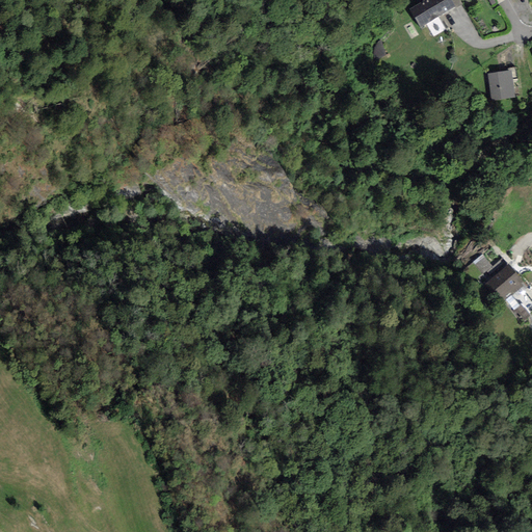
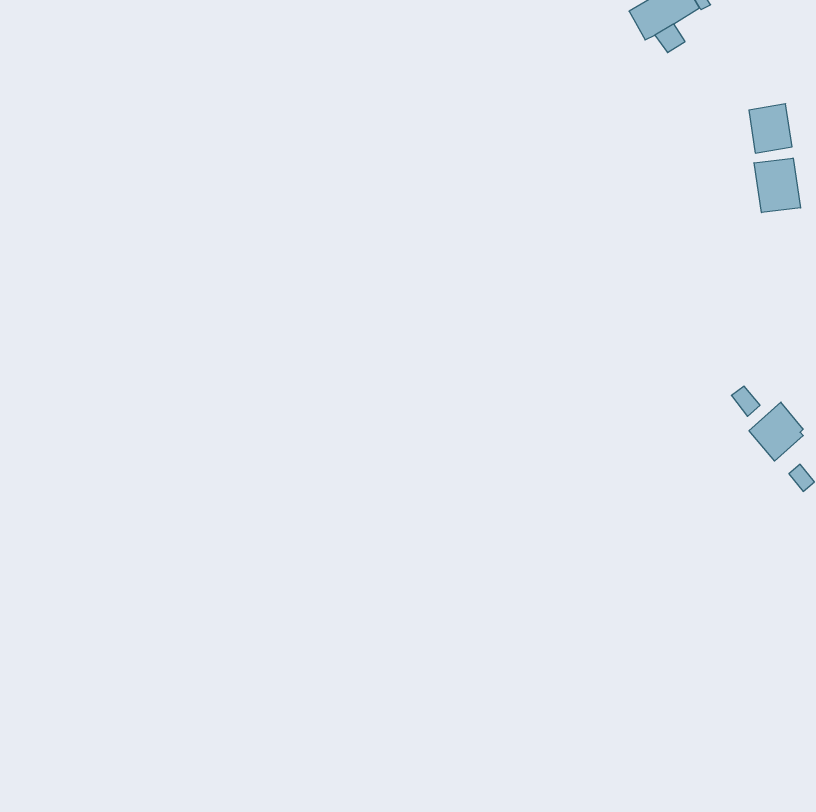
building: none -> [754,158,801,213]

